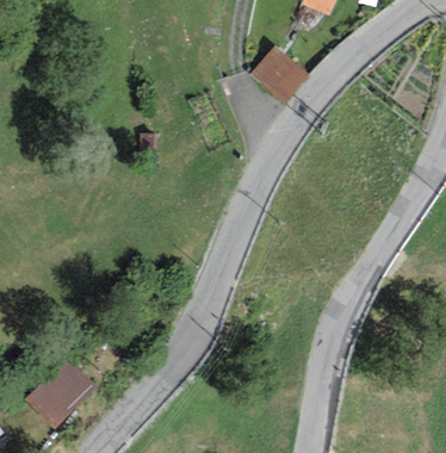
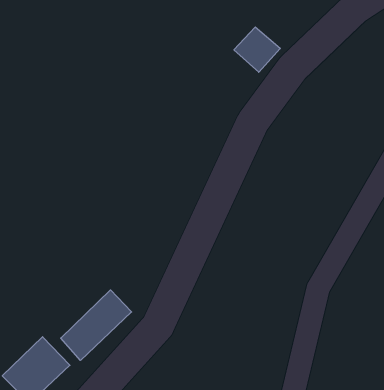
building: none -> [61,290,132,360]

